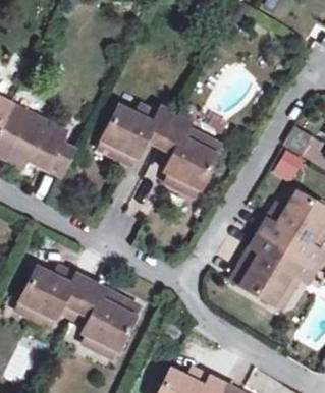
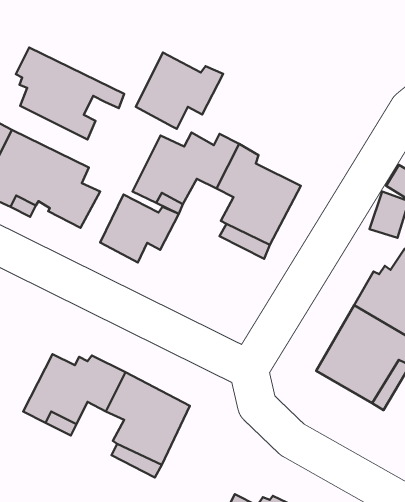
building: none -> [16,47,124,139]
building: none -> [136,53,223,129]
building: none -> [100,195,179,262]

